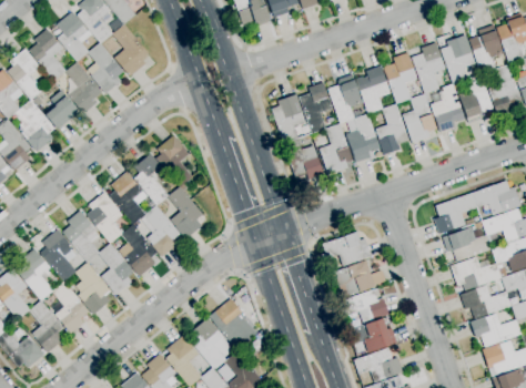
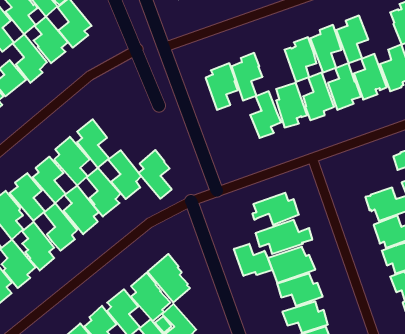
building: [441,34,476,83] -> none
building: [328,74,363,123] -> none
building: [156,134,192,186] -> [139,150,172,199]
building: [284,139,325,180] -> none
building: [434,193,477,233] -> none
building: none -> [234,244,272,276]

